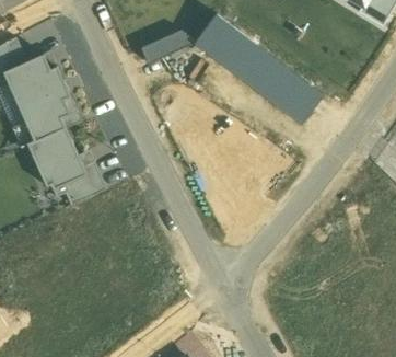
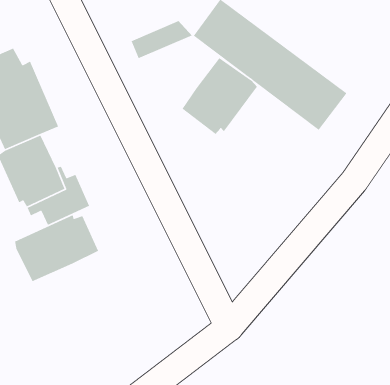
building: none -> [181,57,258,135]
building: none -> [14,214,99,282]

